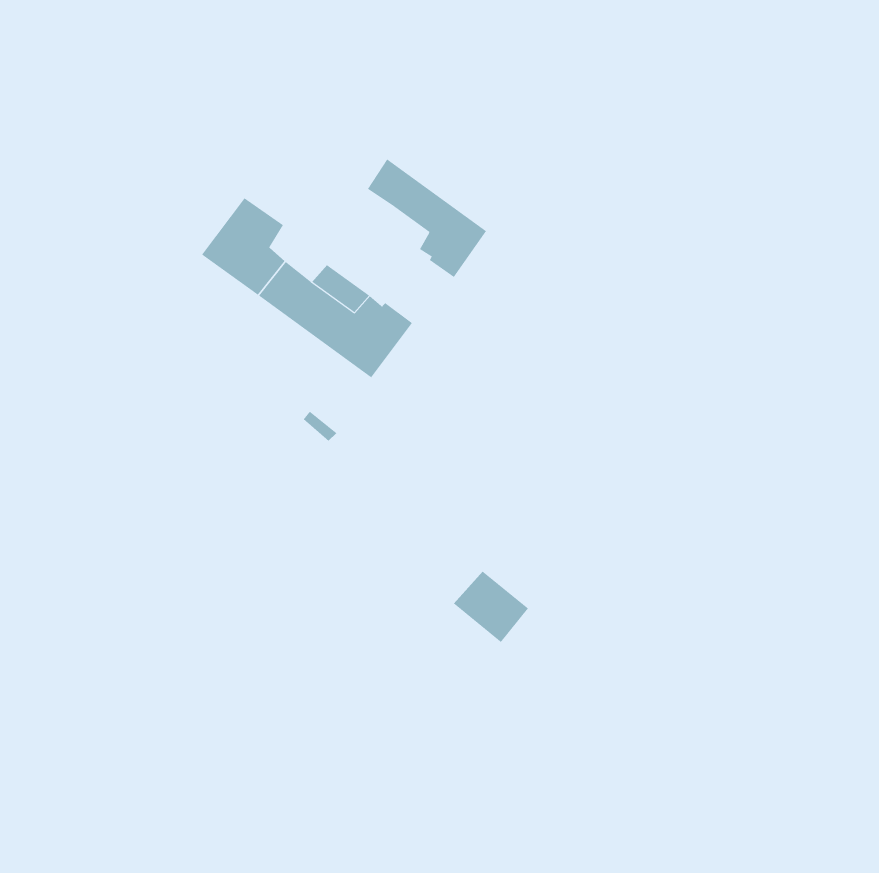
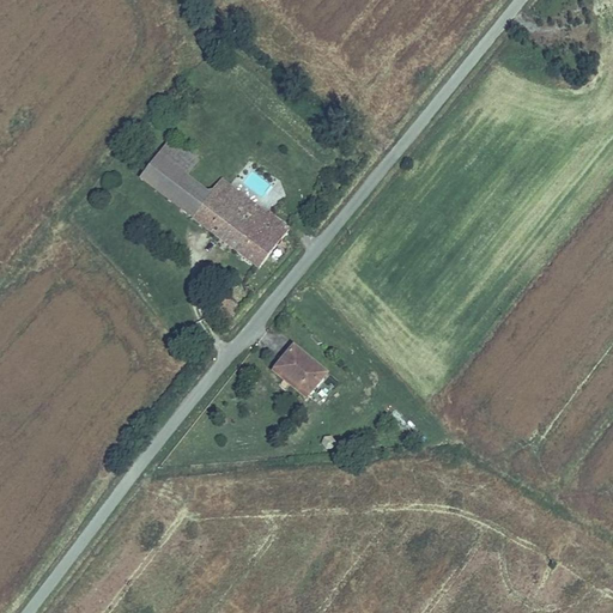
building: [367,158,487,278] -> none
building: [453,571,529,643] -> [272,346,324,396]

